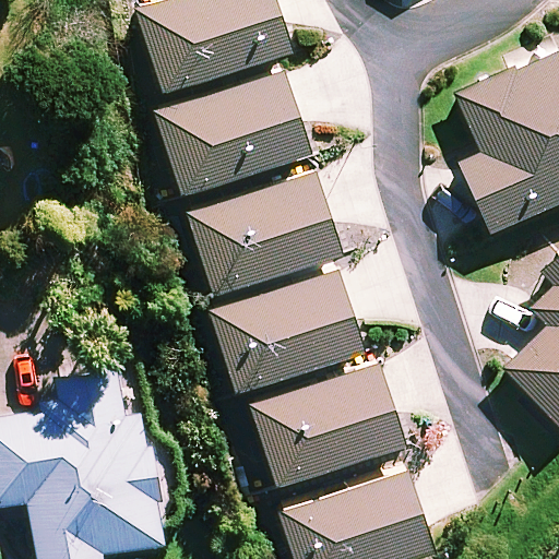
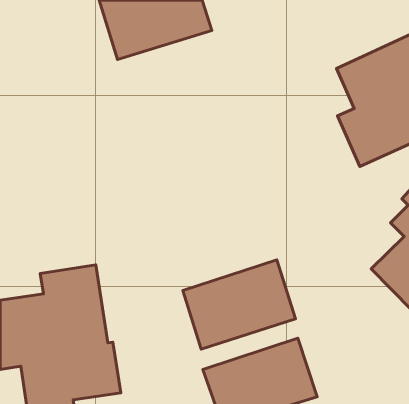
building: [156,72,310,192] -> none
building: [189,173,341,292] -> none
building: [212,270,364,389] -> none

